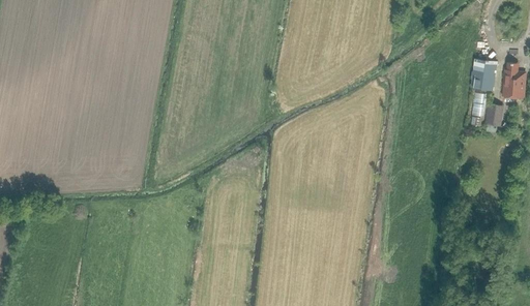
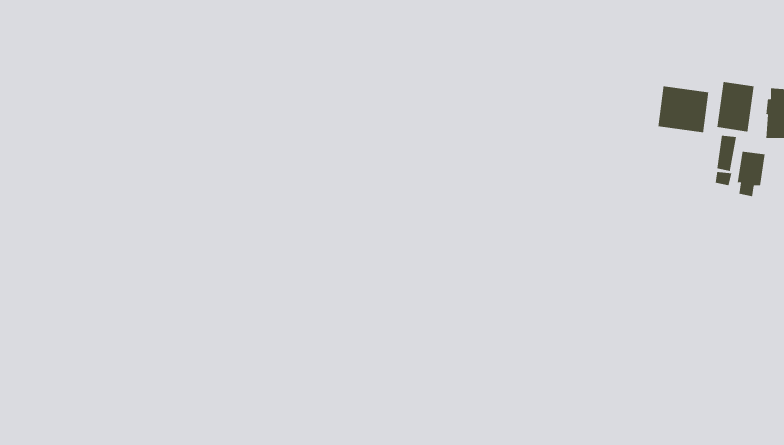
building: none -> [658,86,709,133]

